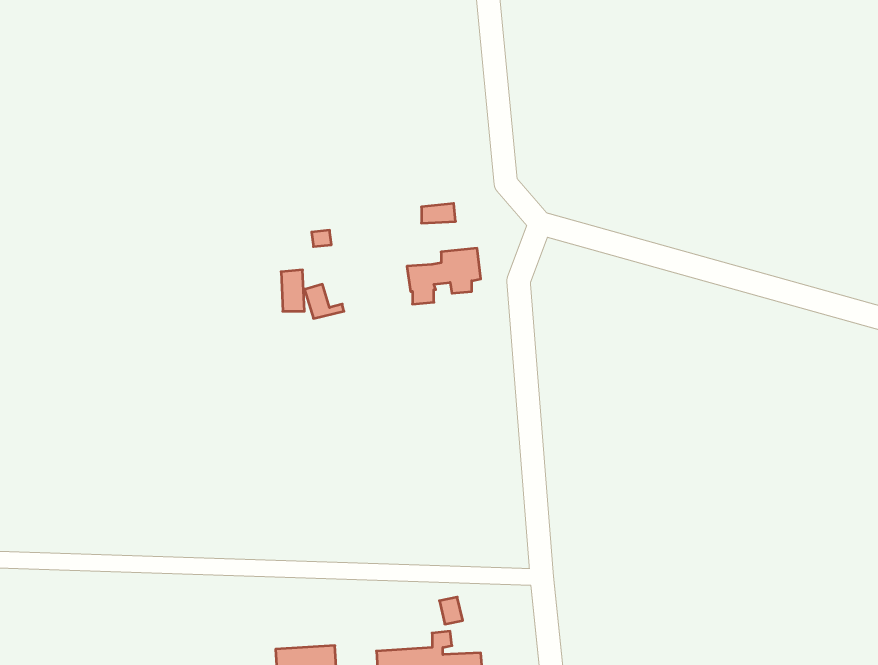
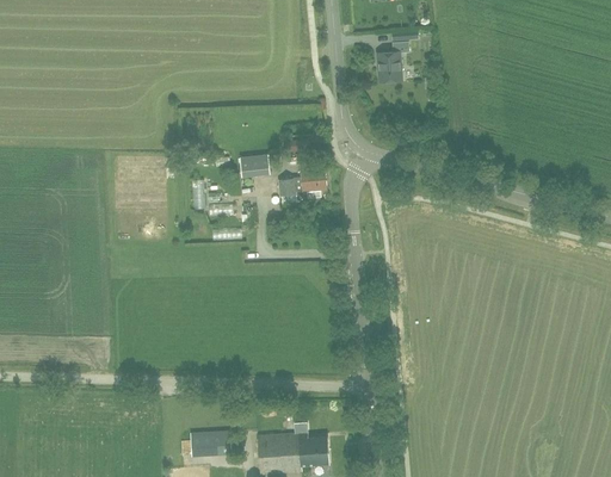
building: none -> [376,41,408,81]
building: none -> [239,153,270,176]

